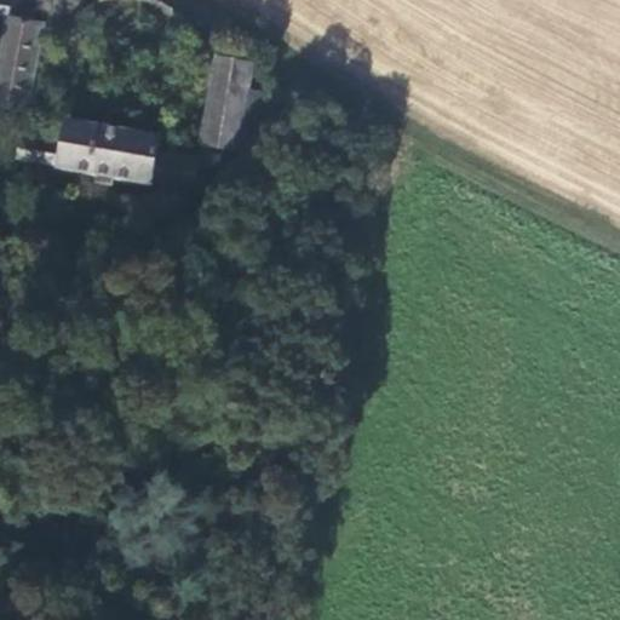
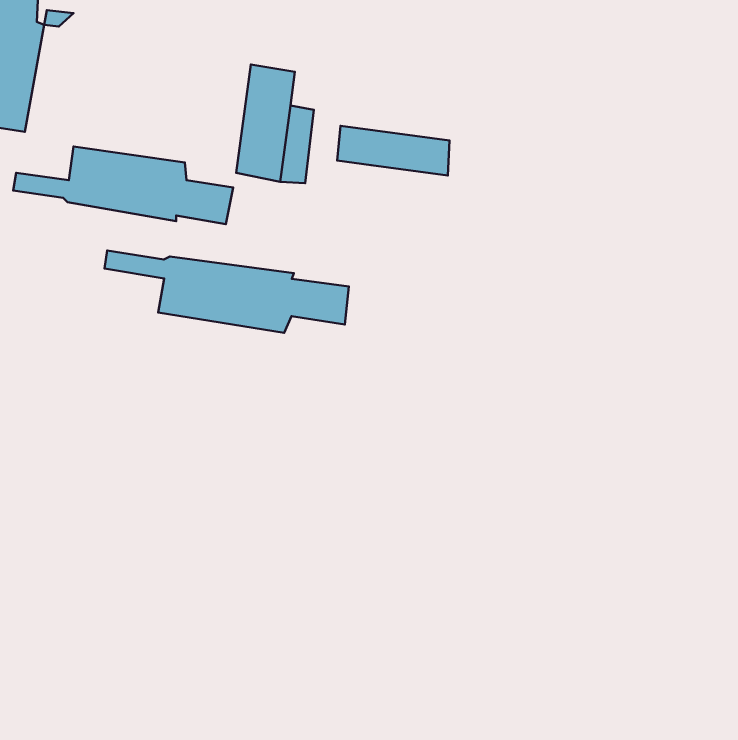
building: none -> [337,126,450,175]
building: none -> [105,250,349,333]

